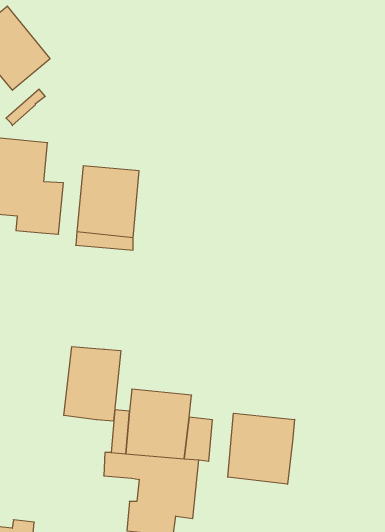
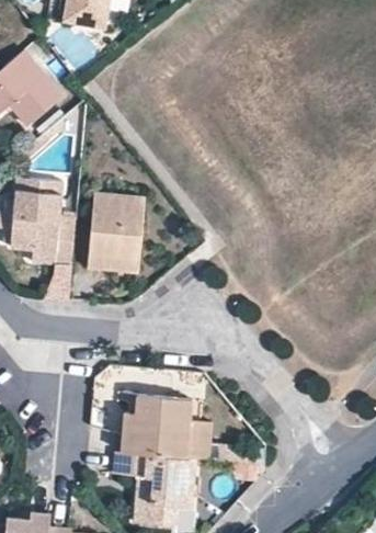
building: [64,347,121,421] -> none
building: [228,413,295,484] -> none

